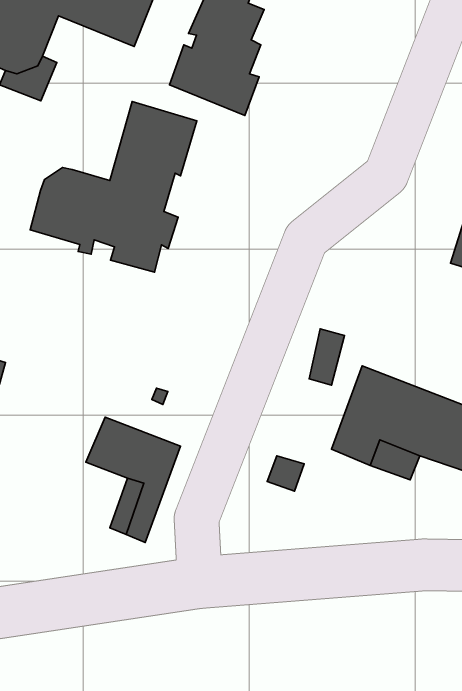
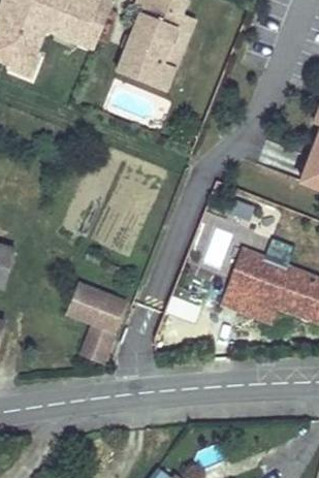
building: [30,102,197,272] -> none

